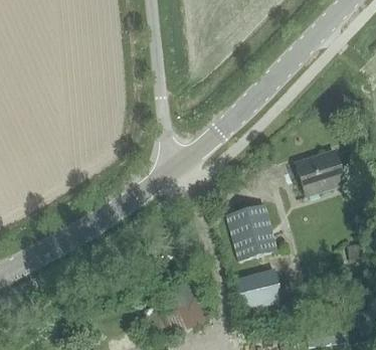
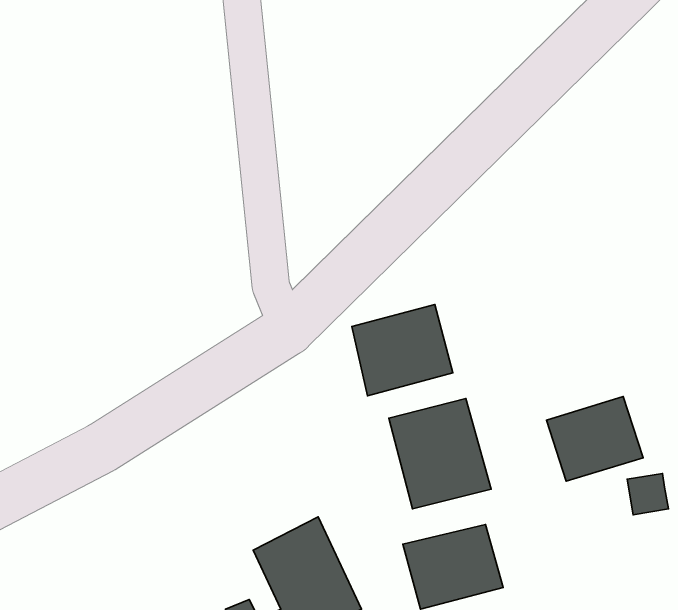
building: [296,153,345,196] -> [547,397,643,481]
building: none -> [352,304,453,396]

